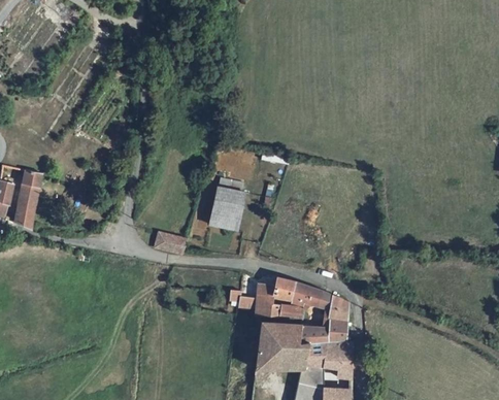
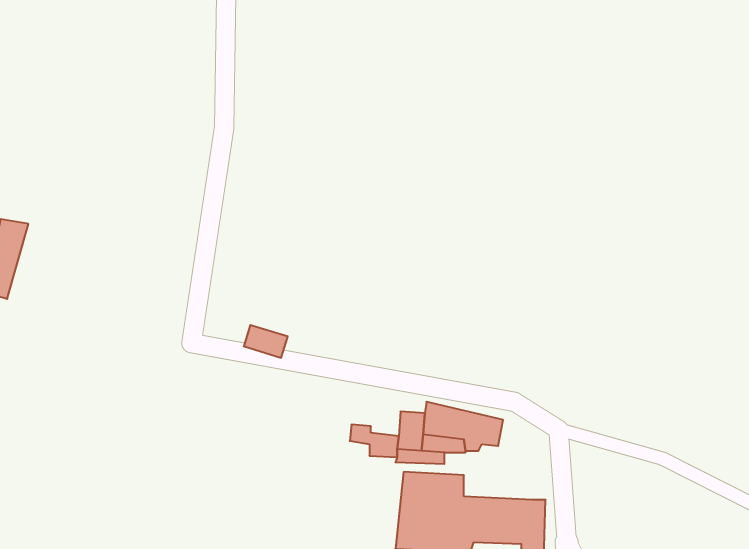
building: [16,166,46,224] -> none
building: [205,190,241,236] -> none
building: [298,293,348,339] -> none

